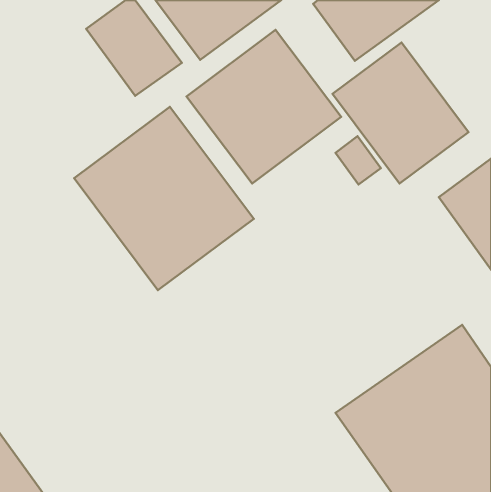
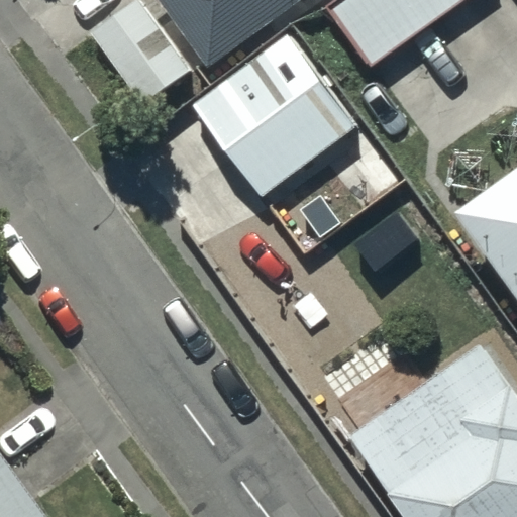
building: [332,43,469,183] -> none
building: [74,107,254,290] -> none

